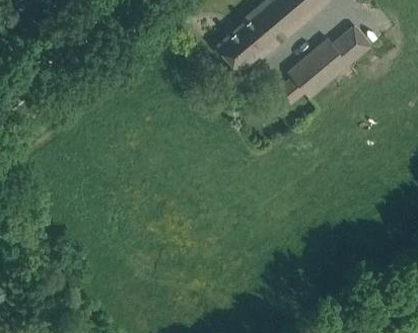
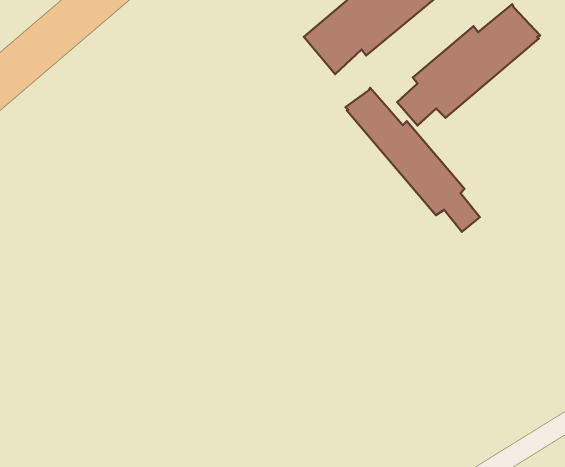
building: none -> [345,88,480,232]

